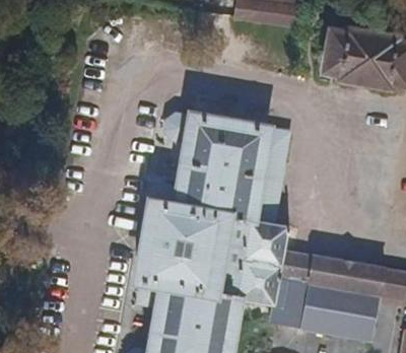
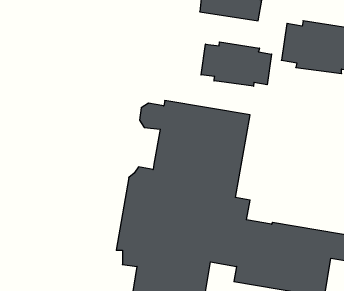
building: none -> [201,42,272,86]

